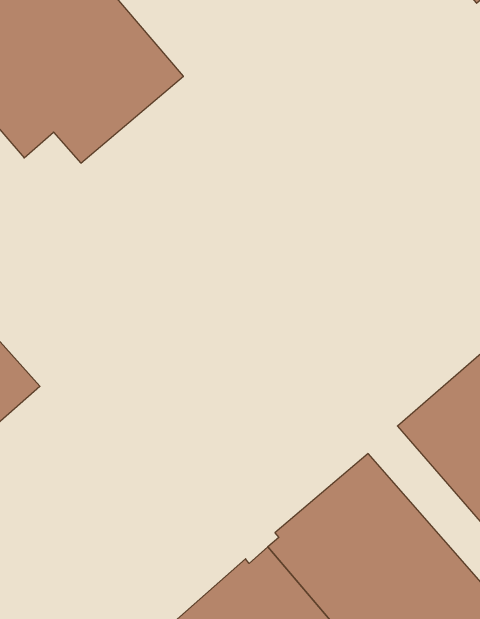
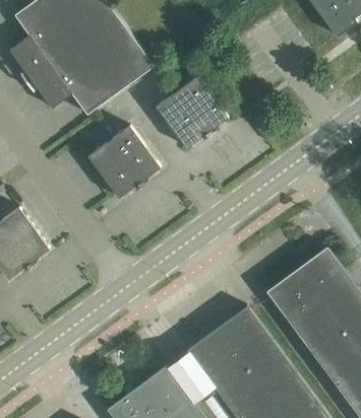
building: none -> [156,75,228,147]
building: none -> [87,125,161,197]

